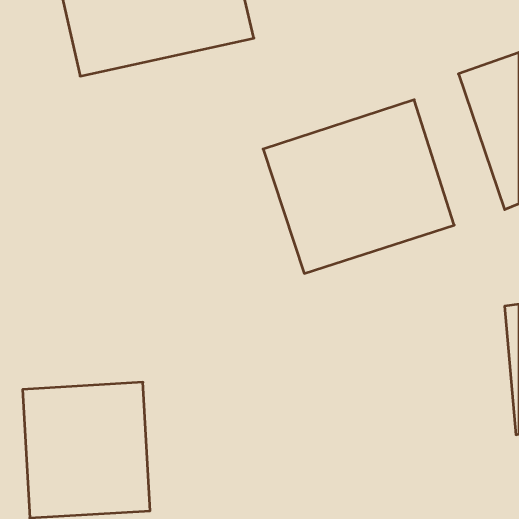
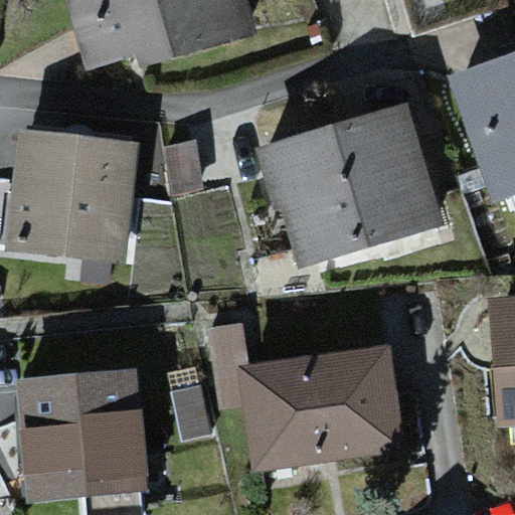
building: none -> [4,133,141,264]
building: none -> [233,344,399,469]

